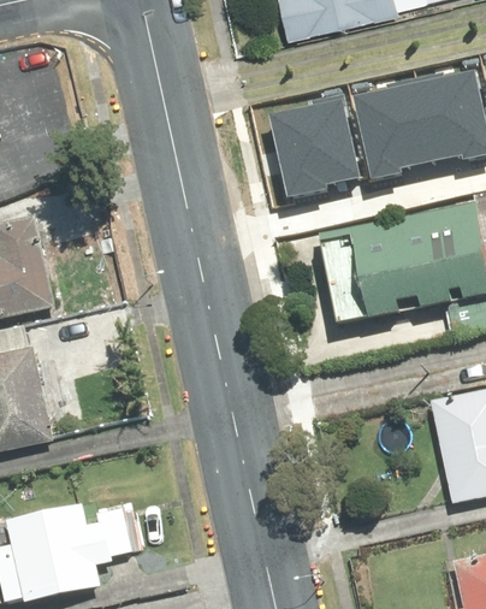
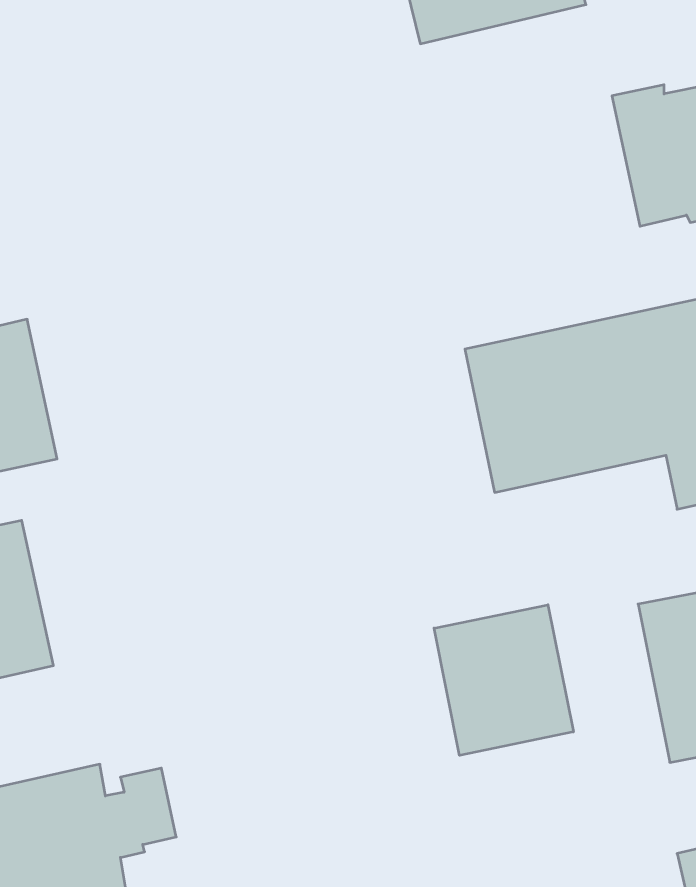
building: [354,72,431,175] -> none
building: [268,90,360,195] -> none
building: none -> [434,605,573,755]

